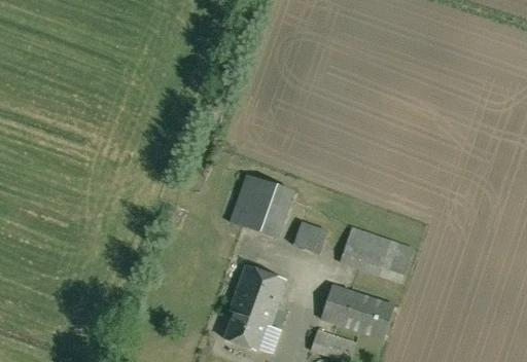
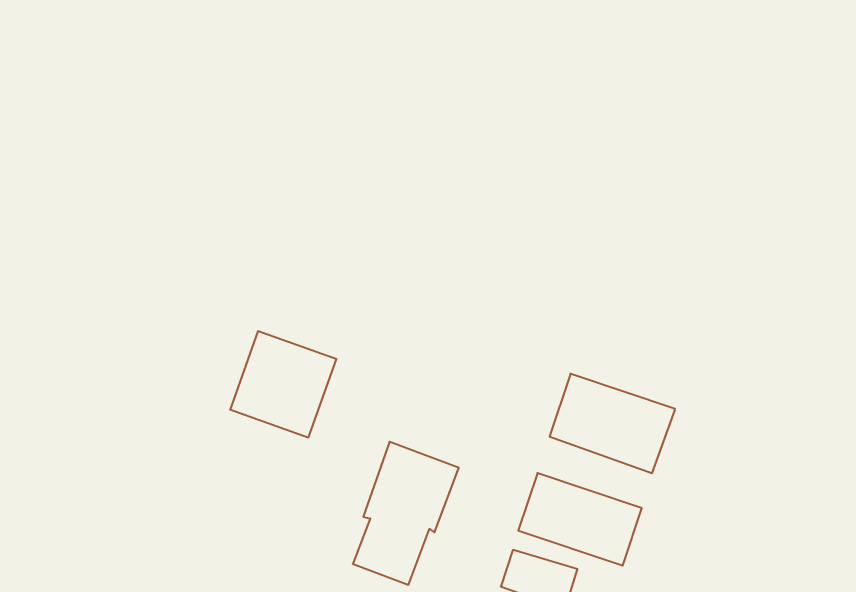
building: [230,175,292,238] -> [230,331,336,437]
building: [293,221,328,253] -> none

